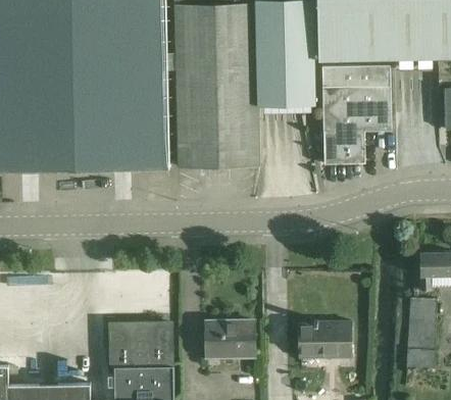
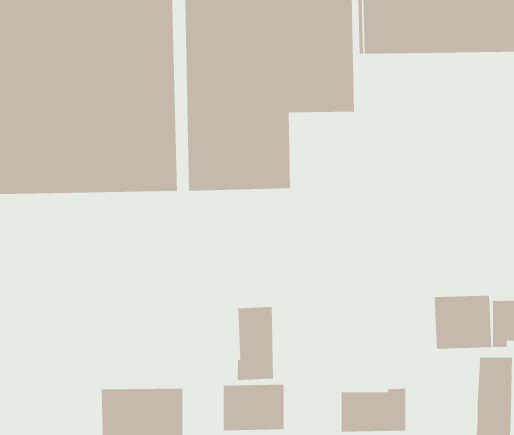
building: [322,65,391,163] -> none
building: none -> [434,295,492,349]
building: none -> [237,306,274,381]

